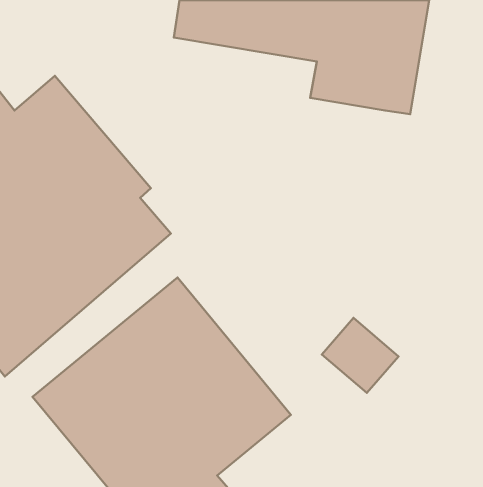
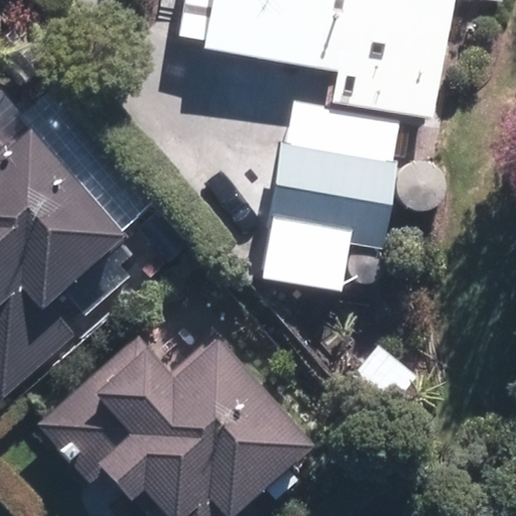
building: none -> [261,101,404,289]

